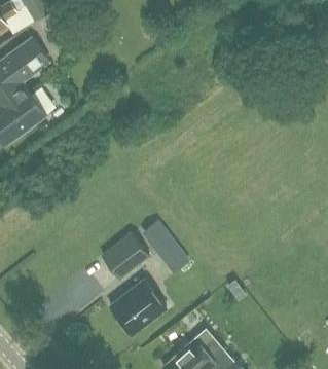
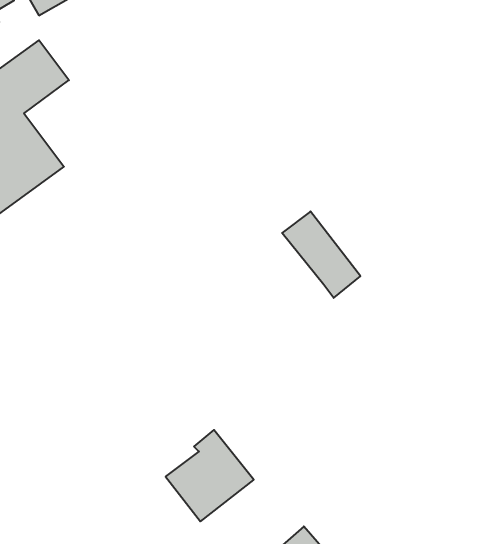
building: [141,220,189,273] -> [282,211,360,298]
building: [101,231,150,280] -> none

